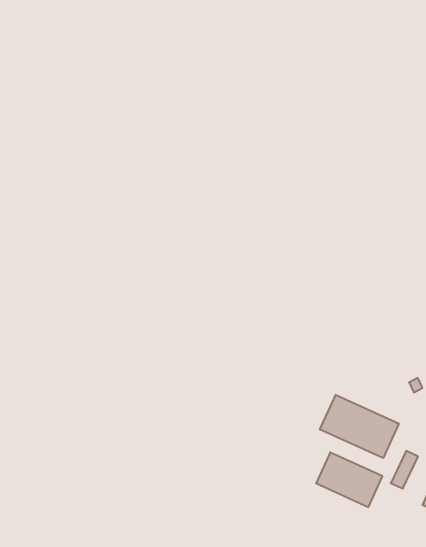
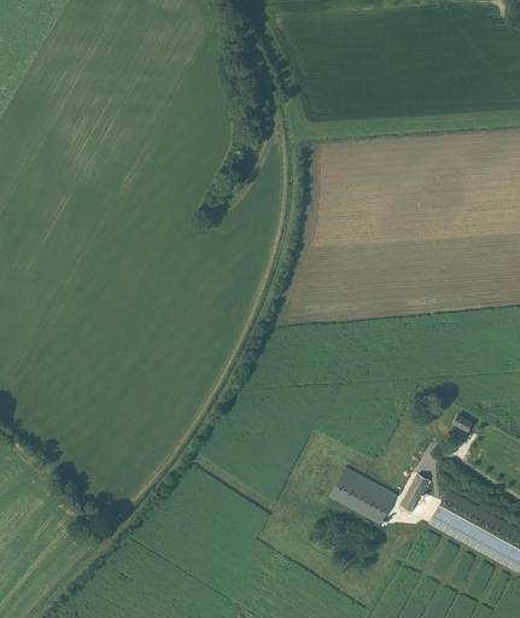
building: [320,395,399,458] -> none

